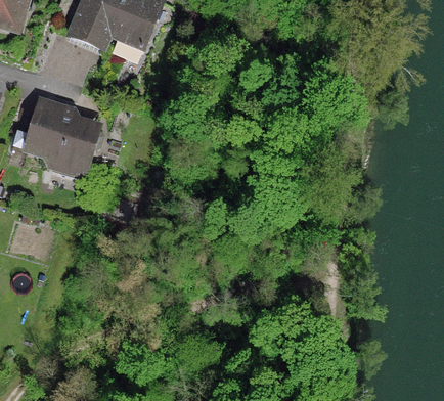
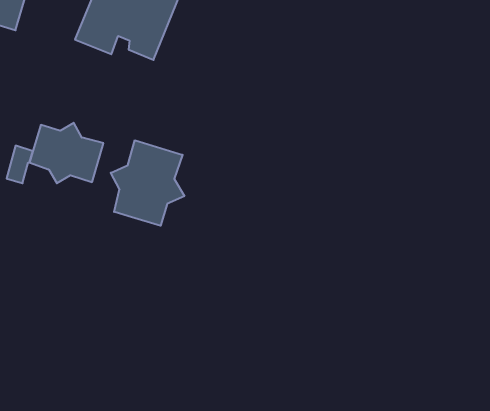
building: none -> [111,140,184,226]

